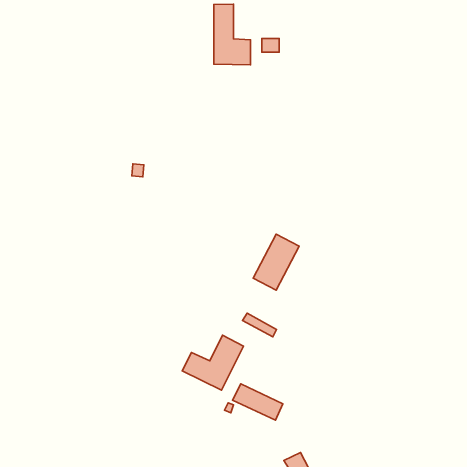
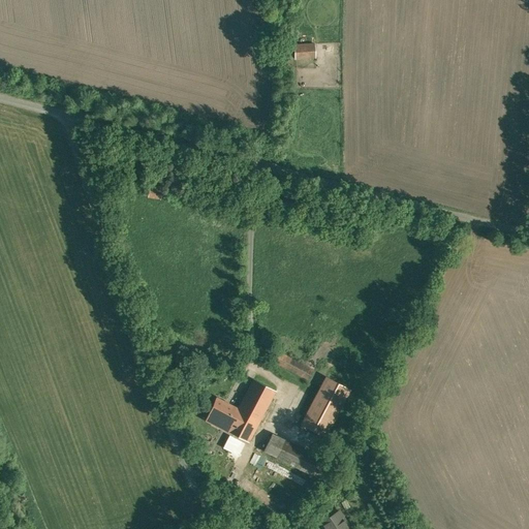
building: [214,4,250,65] -> none
building: [253,234,299,290] -> [300,376,351,439]

